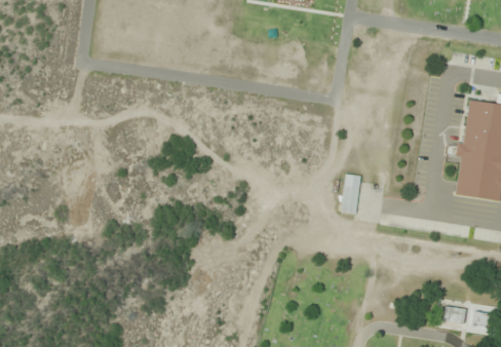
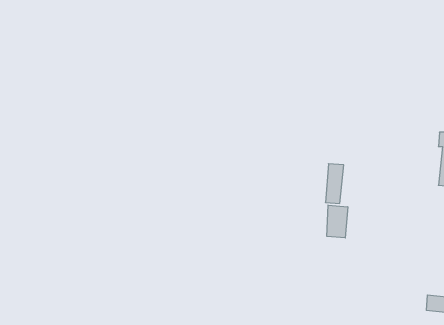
building: none -> [327,205,348,238]

